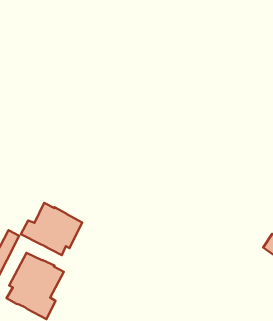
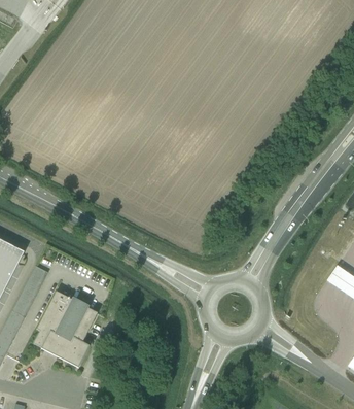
building: [21,203,82,255] -> none

